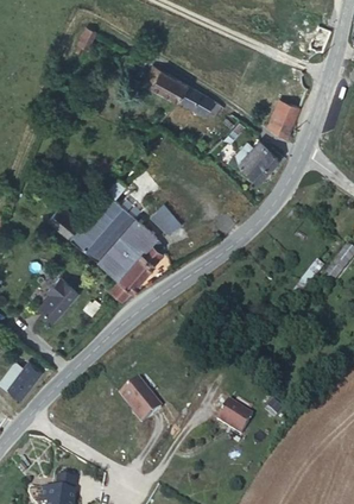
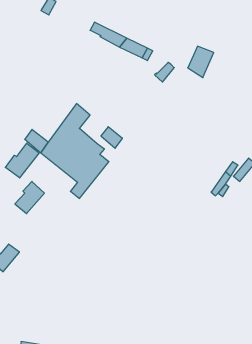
building: [238,141,276,182] -> none
building: none -> [5,143,39,178]
building: [115,378,157,418] -> none
building: [217,402,252,435] -> none

